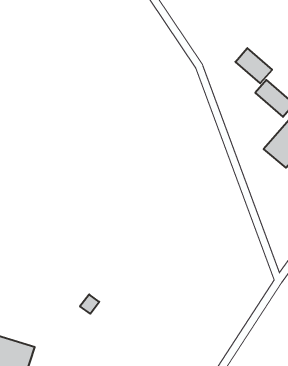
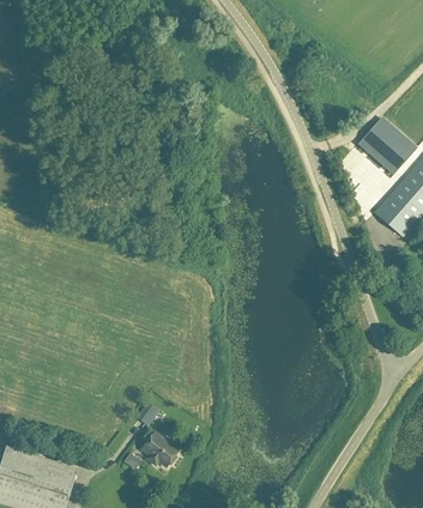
building: [235,48,272,83] -> none
building: none -> [143,430,179,465]

